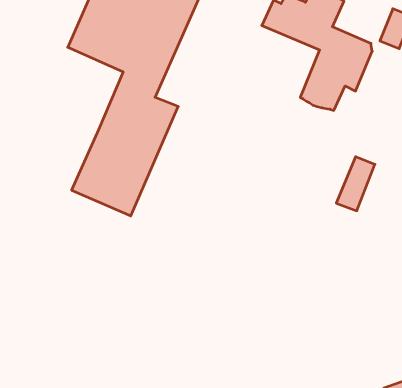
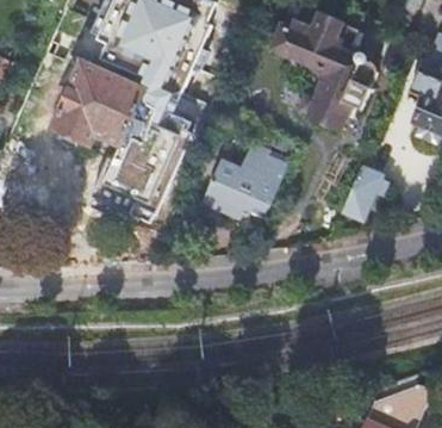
building: none -> [51,63,142,145]
building: none -> [201,145,286,218]

